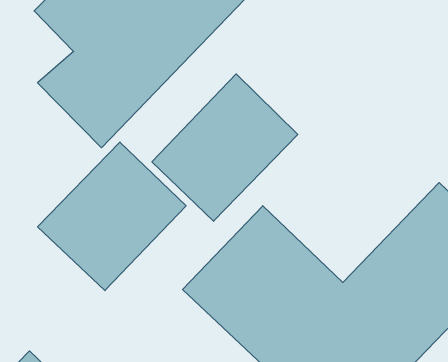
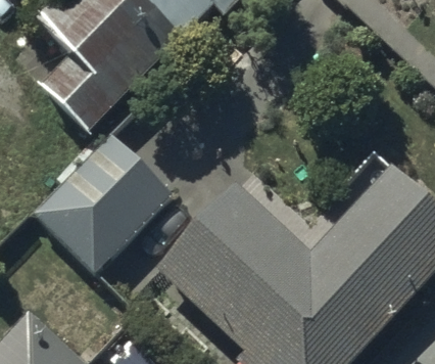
building: [152,74,298,221] -> none

